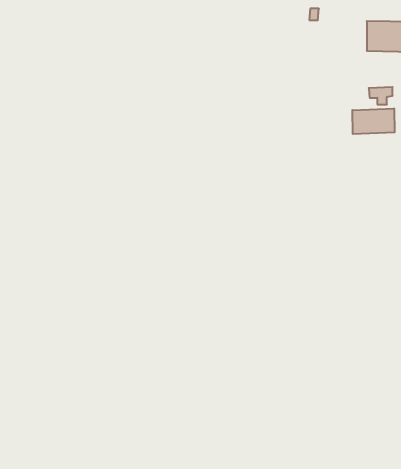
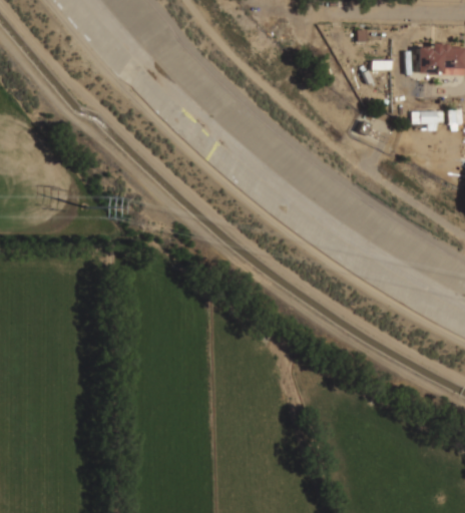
building: [352,108,395,134] -> none

